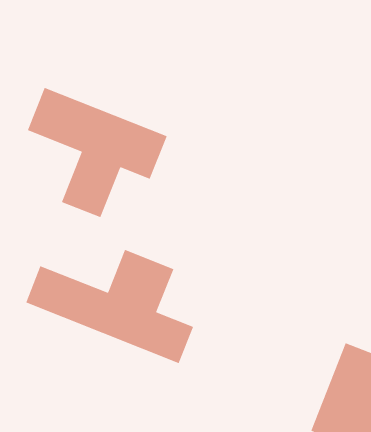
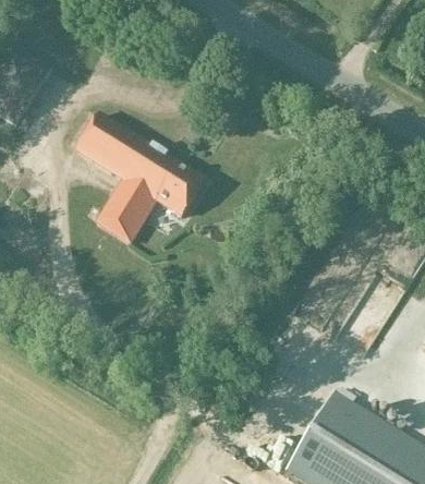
building: [25,249,194,364] -> none

